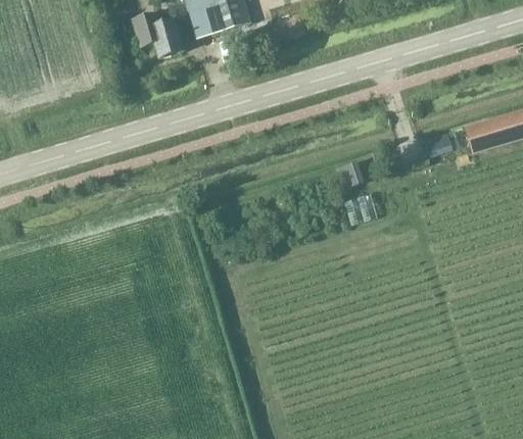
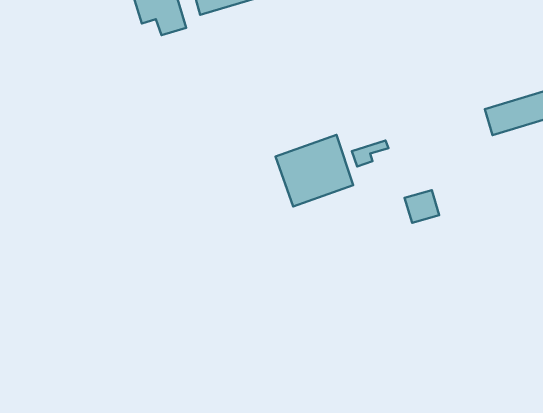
building: none -> [275,135,353,206]
building: [343,193,376,224] -> [405,190,439,223]

